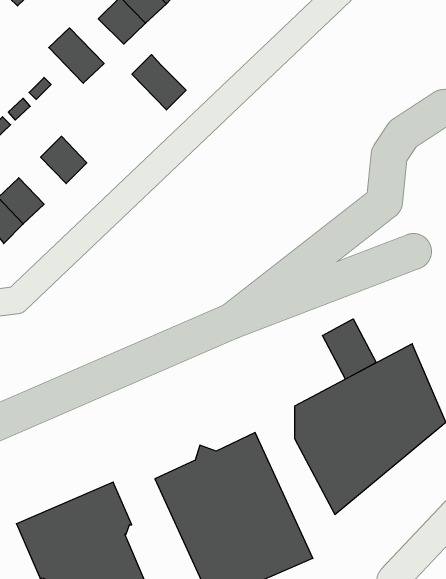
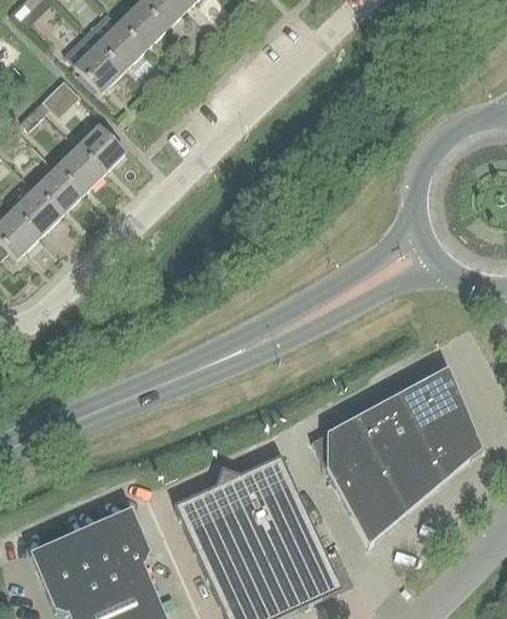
building: [132,55,186,110] -> [86,13,143,71]
building: none -> [77,127,127,175]
building: none -> [33,169,82,219]
building: [322,319,376,379] -> none

